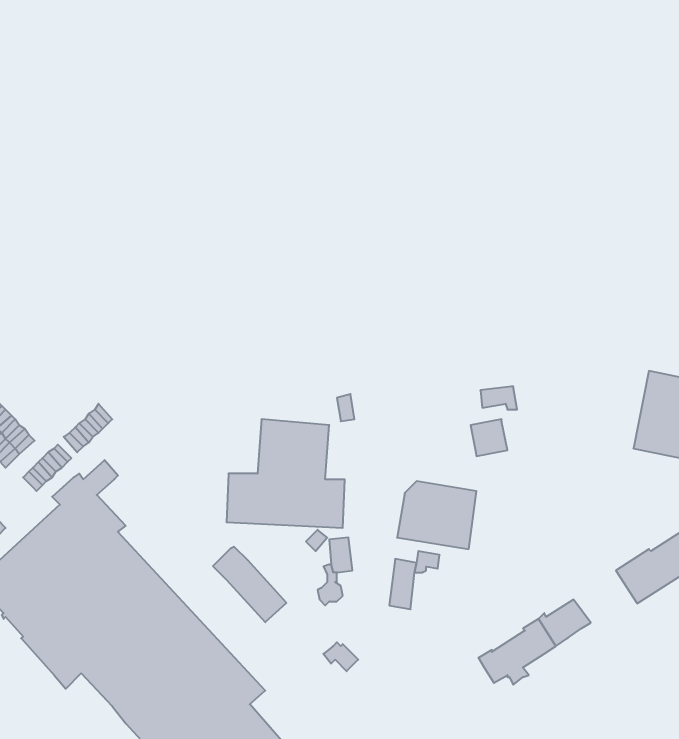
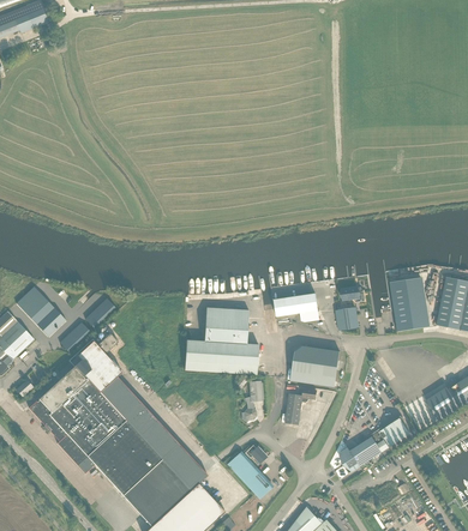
building: none -> [390,277,426,330]
building: none -> [274,292,319,321]
building: [213,547,286,622] -> [227,451,272,497]

